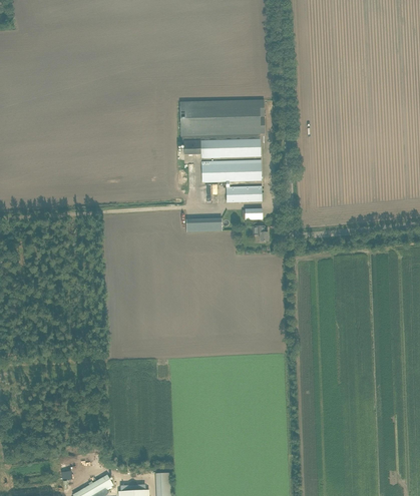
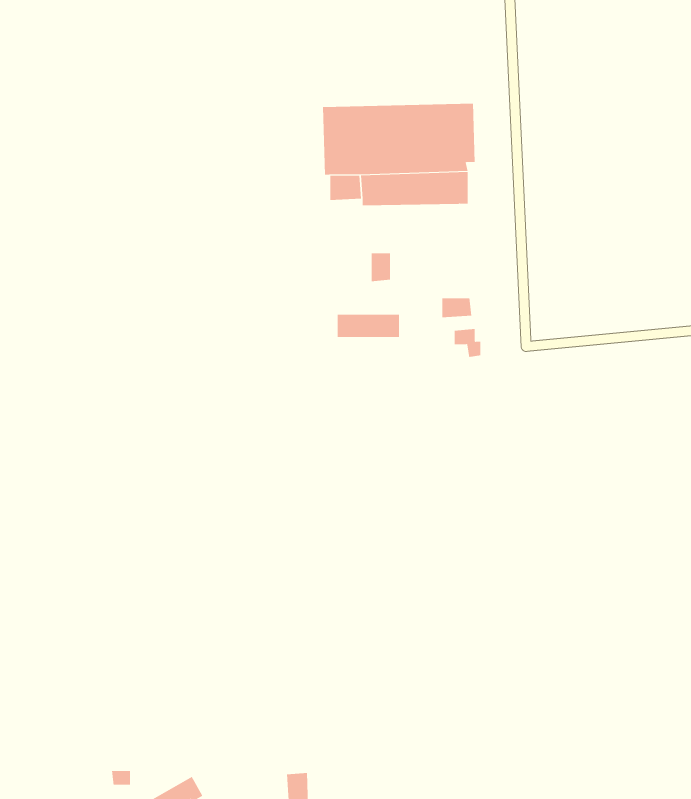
building: [201,161,262,180] -> none
building: [227,184,262,200] -> none

